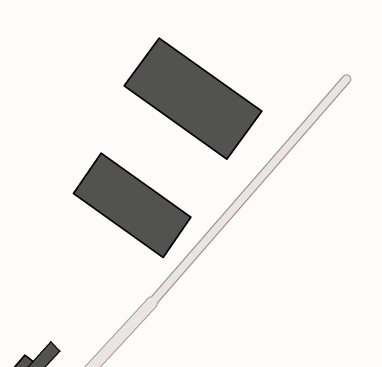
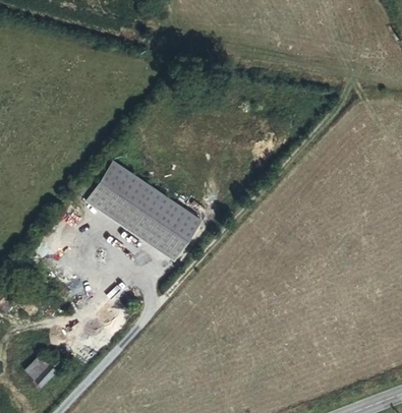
building: [124,38,262,159] -> none

